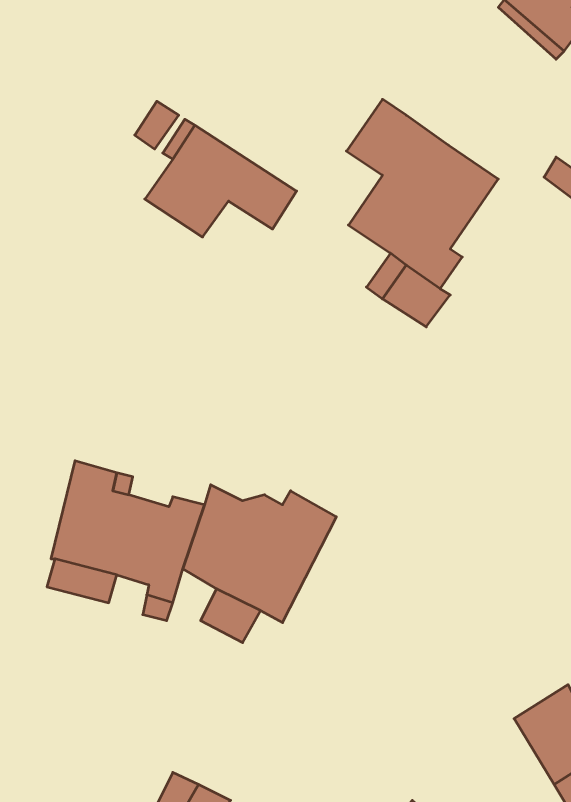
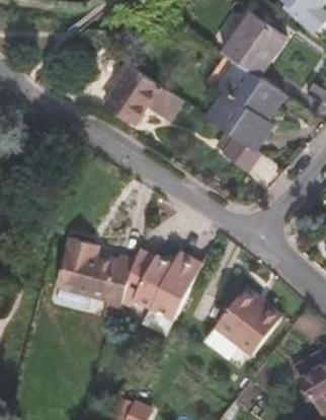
building: none -> [223,12,287,76]
building: none -> [216,287,282,354]

